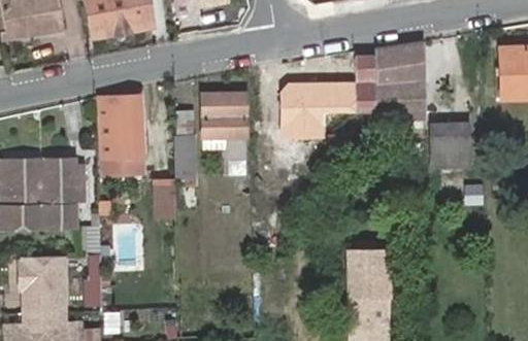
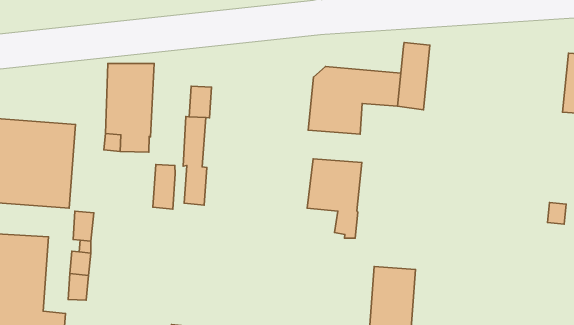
building: [377,41,423,111] -> none
building: [202,95,246,162] -> [307,159,362,238]
building: [430,124,468,168] -> none

